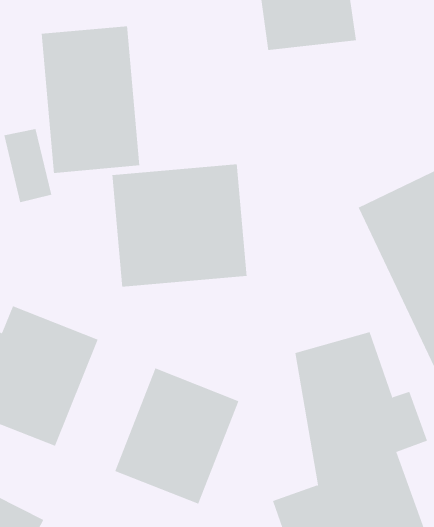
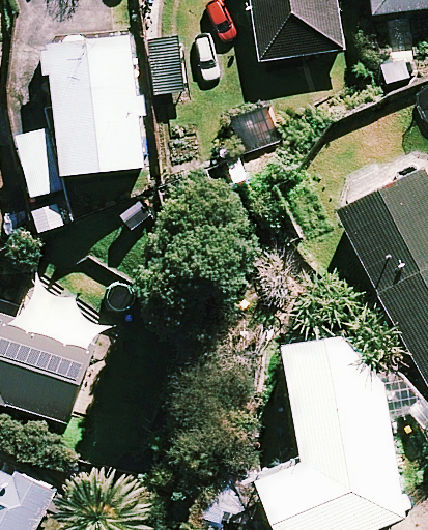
building: [112,163,247,287] -> none
building: [114,368,239,504] -> none

